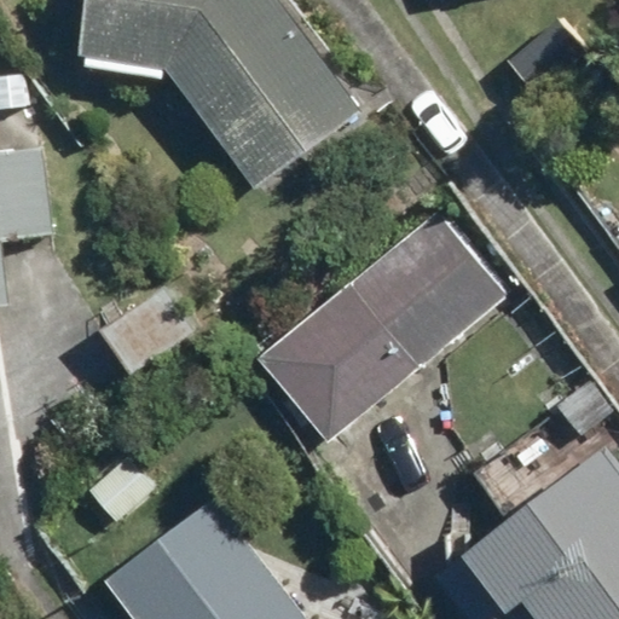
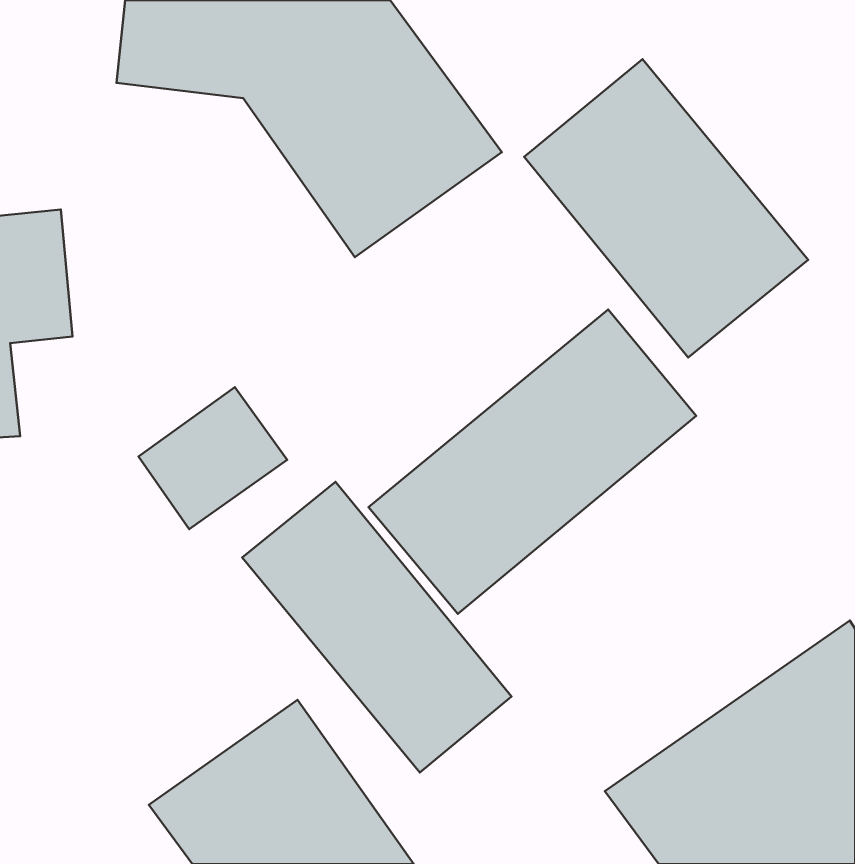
building: none -> [524,59,808,357]
building: none -> [242,482,512,772]

